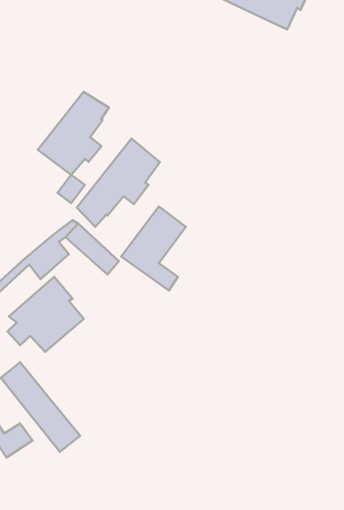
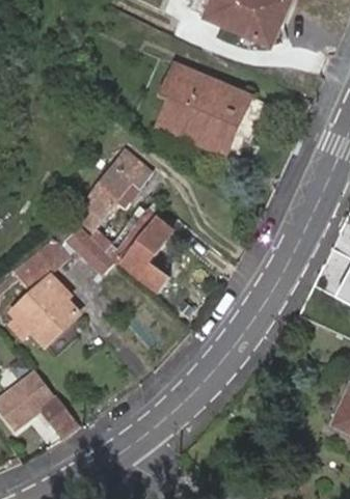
building: none -> [158,64,267,156]
building: [38,92,109,175] -> none

